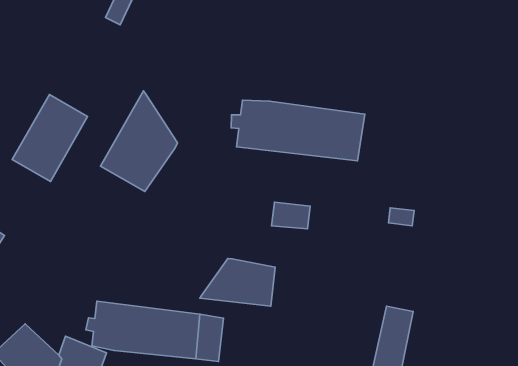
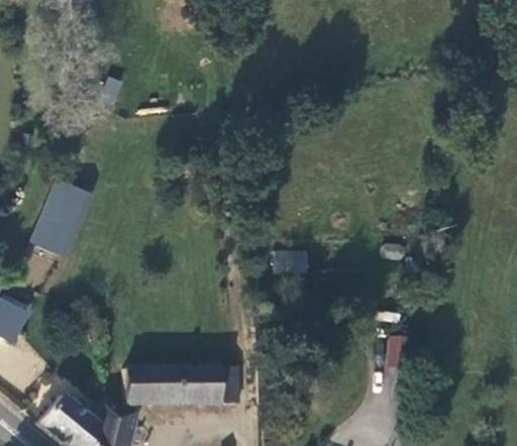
building: [100,91,177,192] -> none
building: [231,100,365,161] -> none
building: [200,259,275,306] -> none

